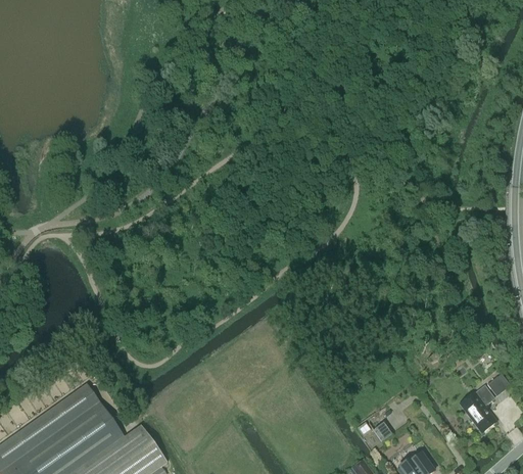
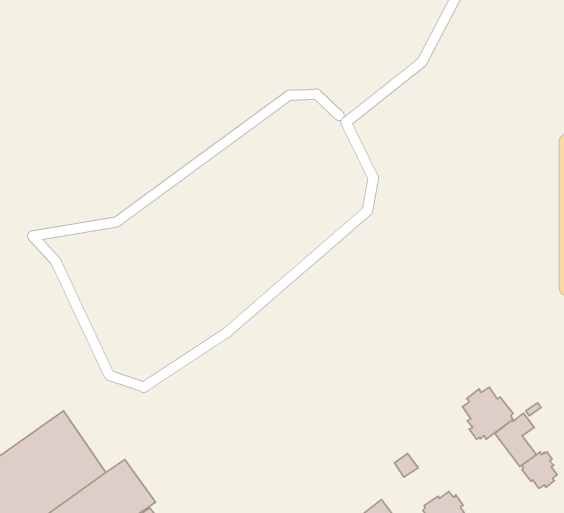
building: none -> [462,387,513,439]
building: none -> [522,452,557,488]

